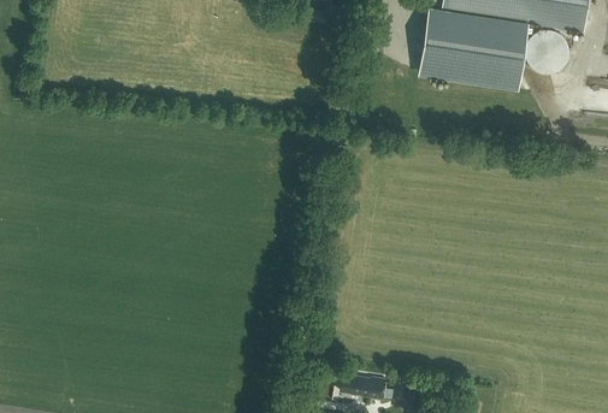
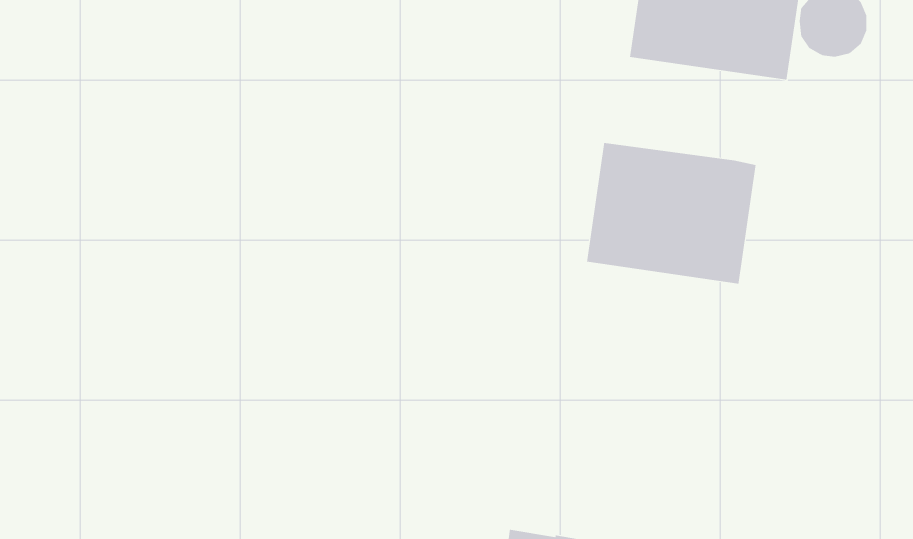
building: none -> [586,142,756,284]

